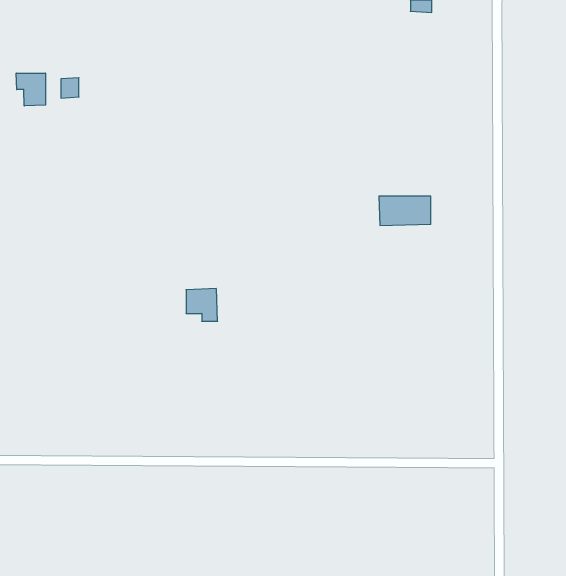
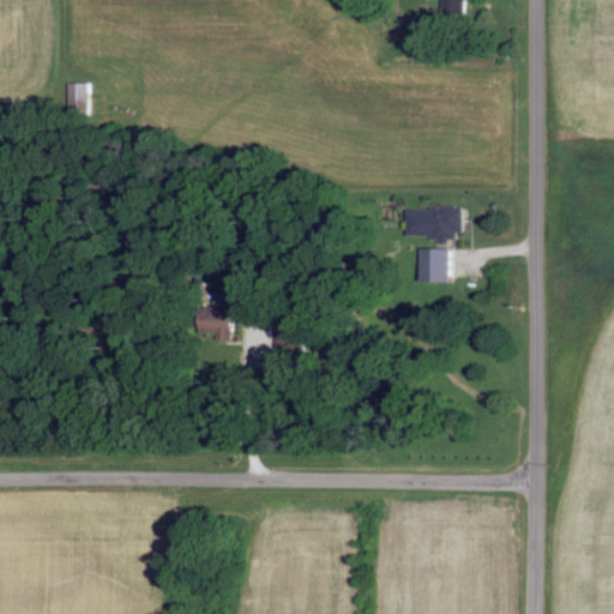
building: [16,73,45,106] -> none
building: none -> [417,249,447,282]

